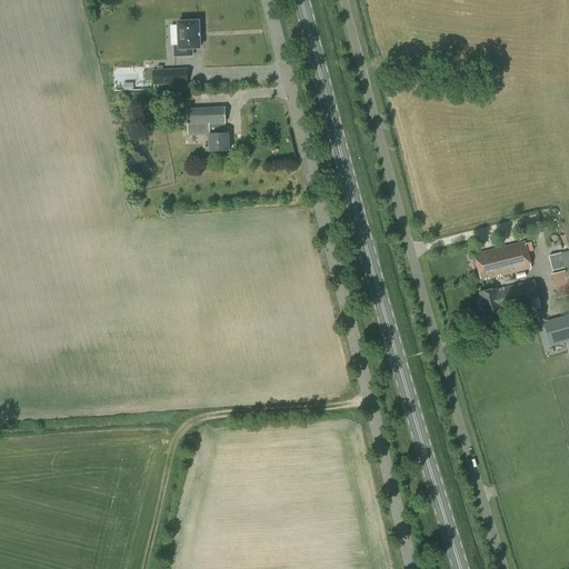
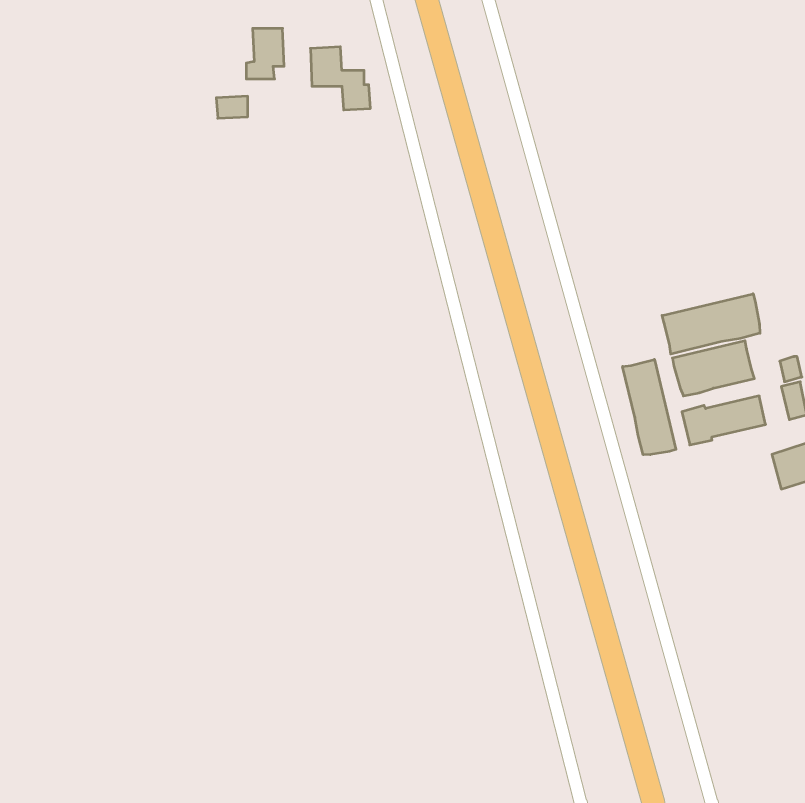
building: [188,106,230,150] -> [310,47,370,110]
building: none -> [662,294,760,354]
building: none -> [623,359,676,455]

